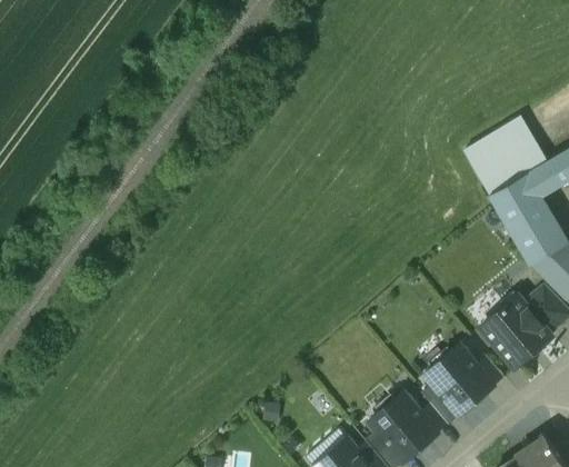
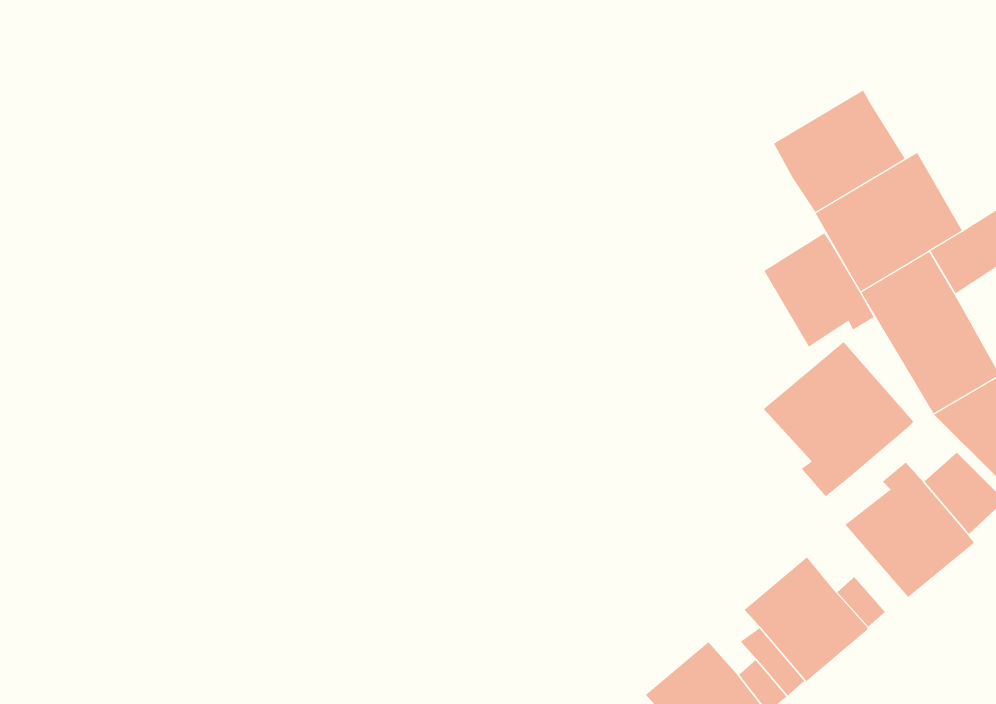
building: none -> [773,89,905,214]
building: none -> [763,233,875,348]
building: none -> [763,341,914,497]

